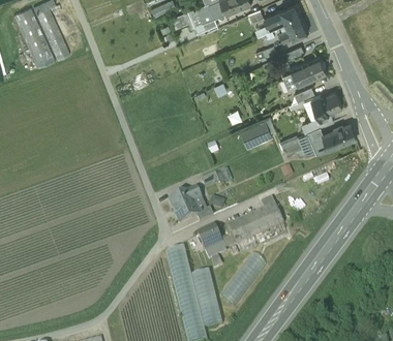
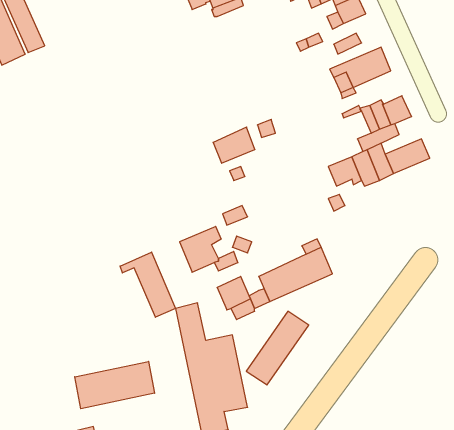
building: [240,121,271,148] -> [213,127,255,163]
building: none -> [120,252,175,317]
building: none -> [75,361,155,409]

